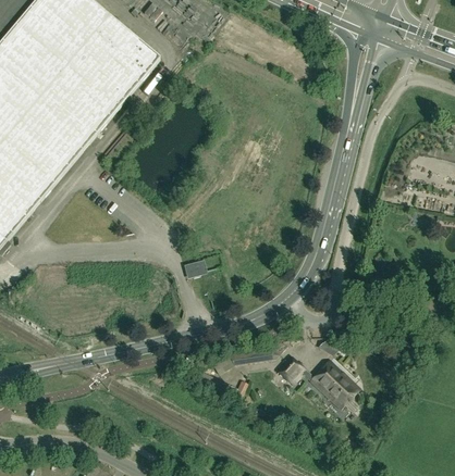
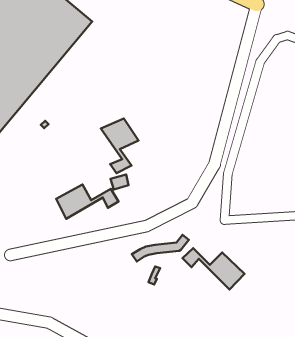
building: none -> [101,118,138,173]
building: none -> [56,184,119,219]

